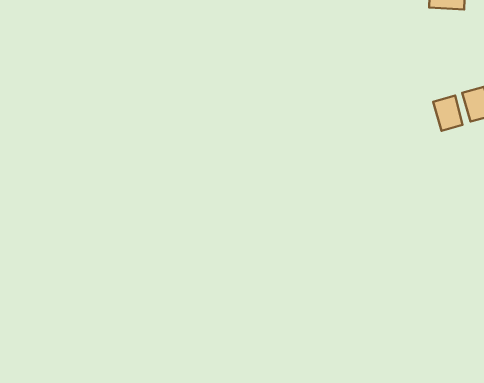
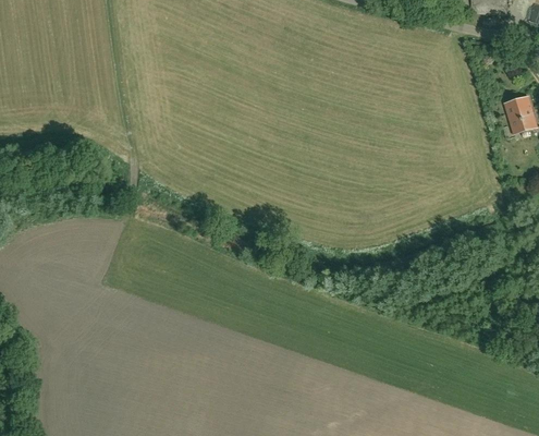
building: [433,95,463,131] -> none

